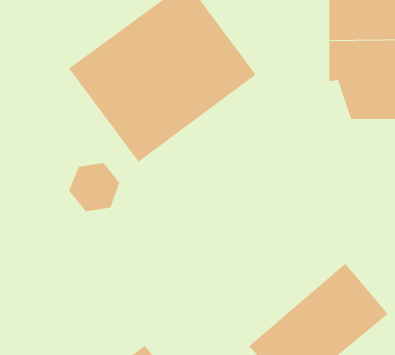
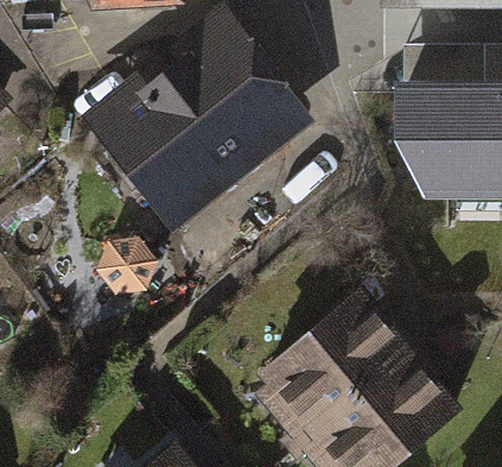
building: none -> [256,291,422,449]

